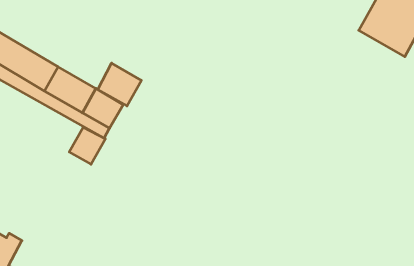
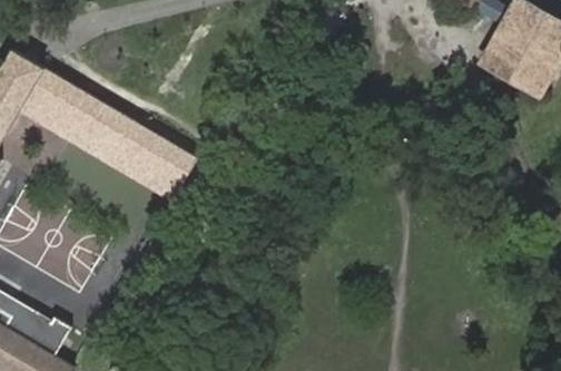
building: [98,63,141,106] -> none
building: [69,127,105,164] -> none

